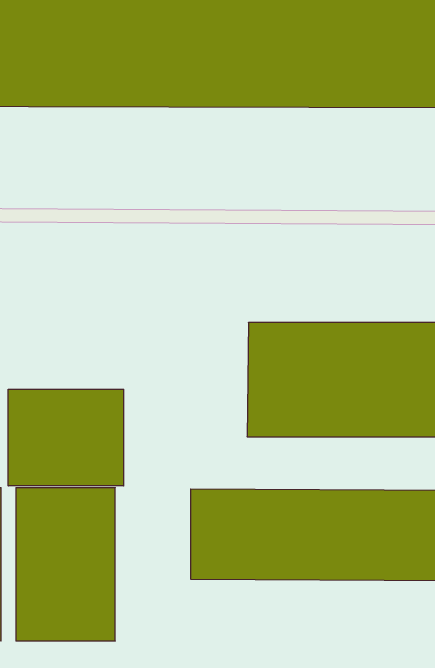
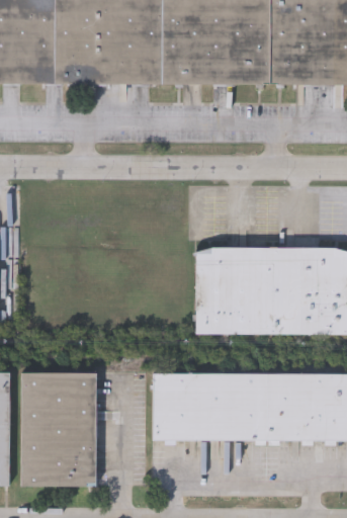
building: [8,389,124,486] -> none

